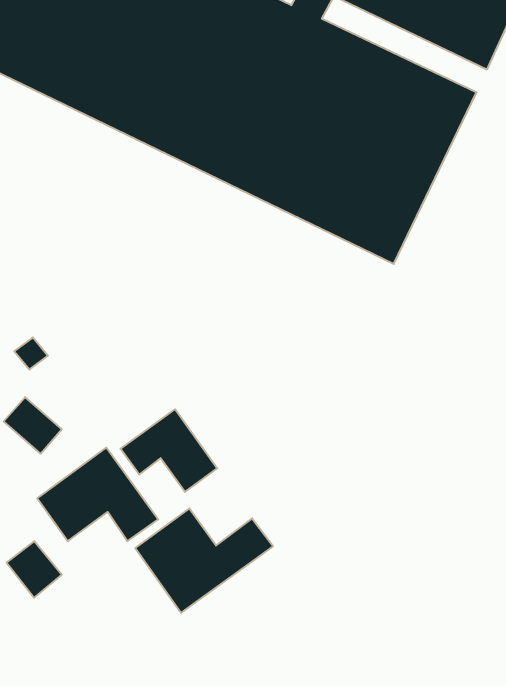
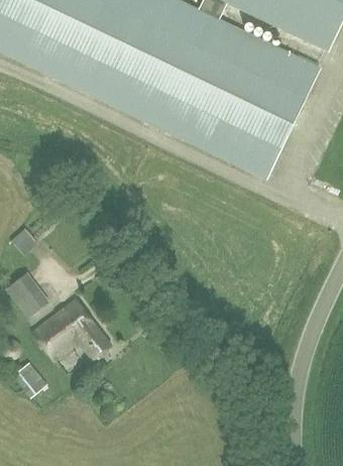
building: [120,409,217,492] -> none
building: [135,508,273,613] -> none

